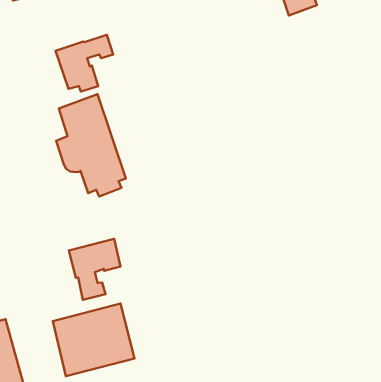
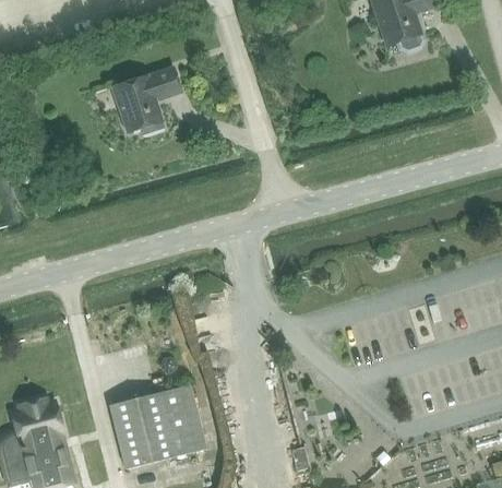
building: [56,94,126,196] -> none
building: [69,239,120,300] -> none

